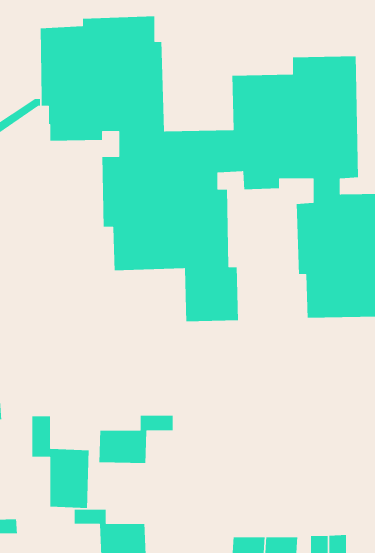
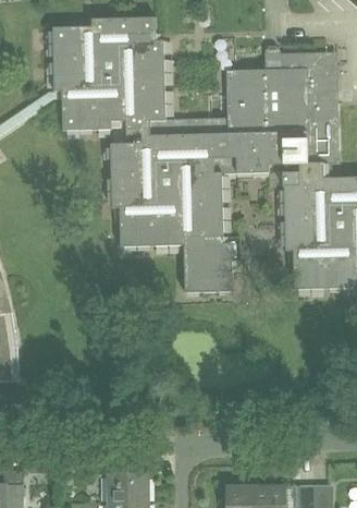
building: [98,415,174,464] -> none
building: [32,416,89,509] -> none

